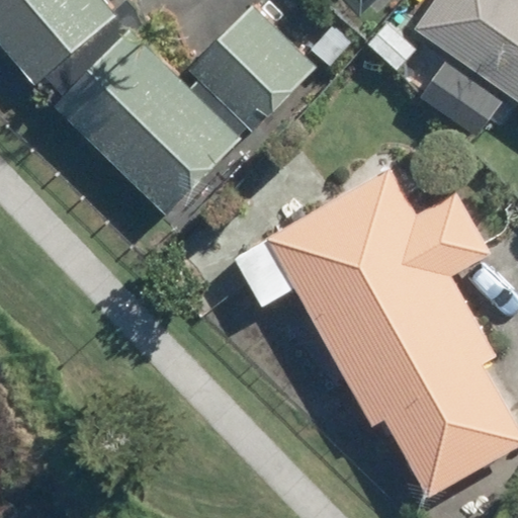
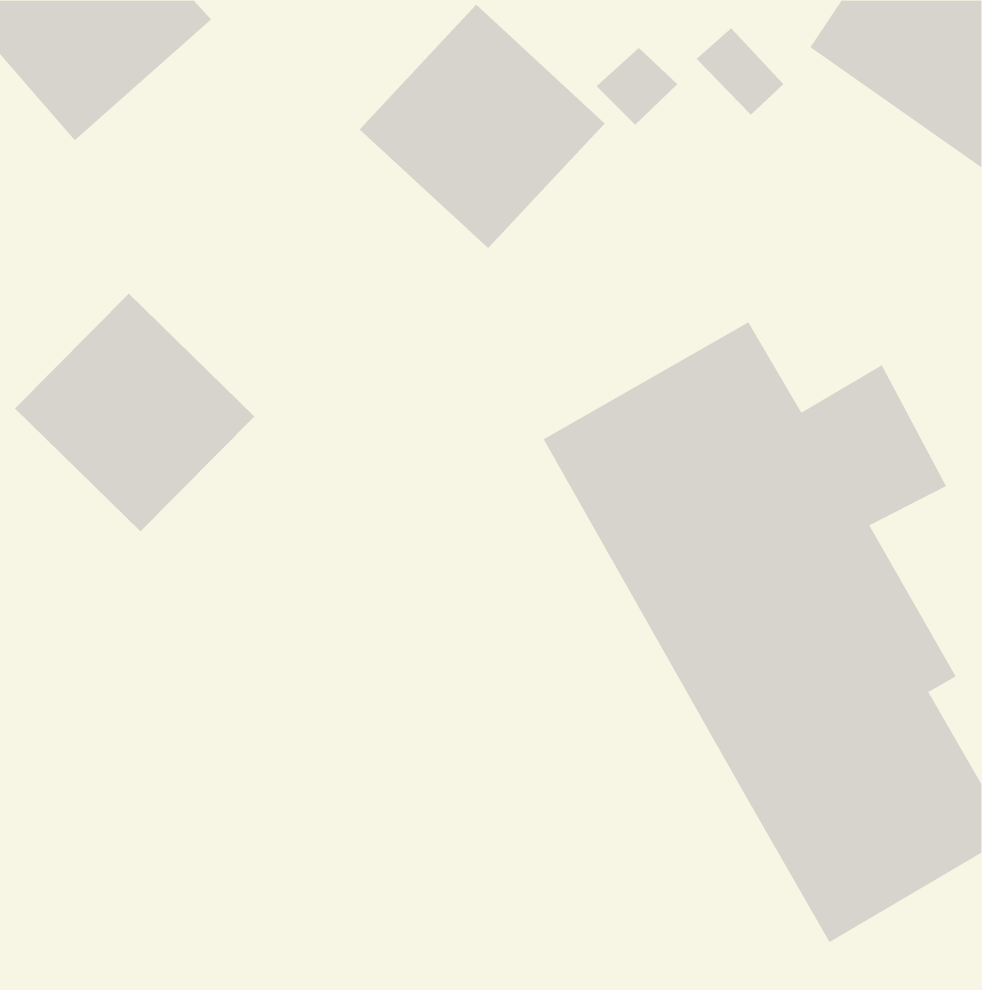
building: [54,20,235,204] -> none
building: none -> [14,293,255,532]

